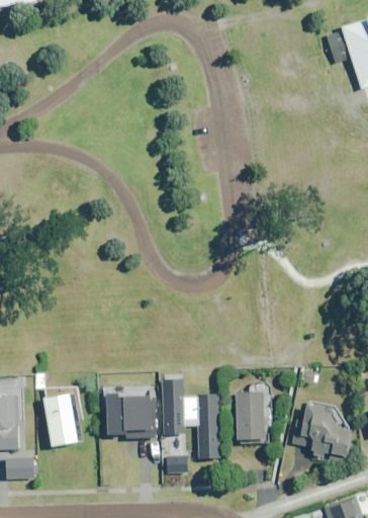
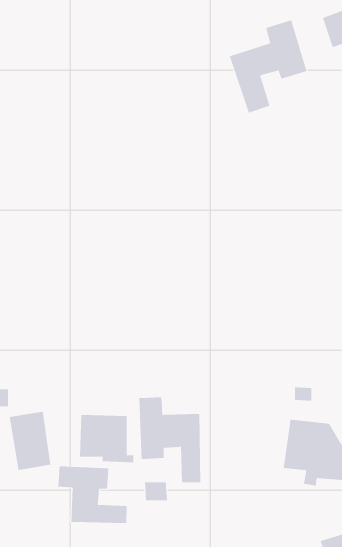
building: none -> [229,20,307,114]
building: [237,384,271,441] -> none
building: none -> [58,465,127,524]

